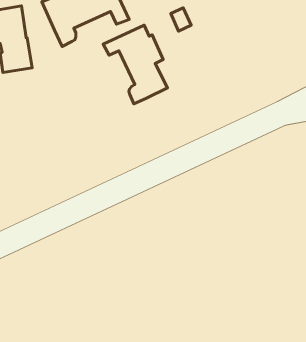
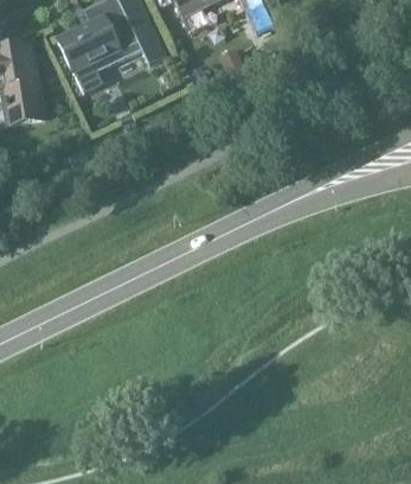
building: [103,25,167,104] -> none

